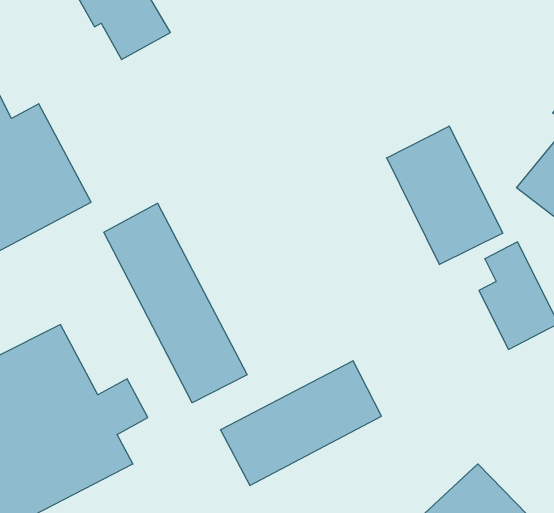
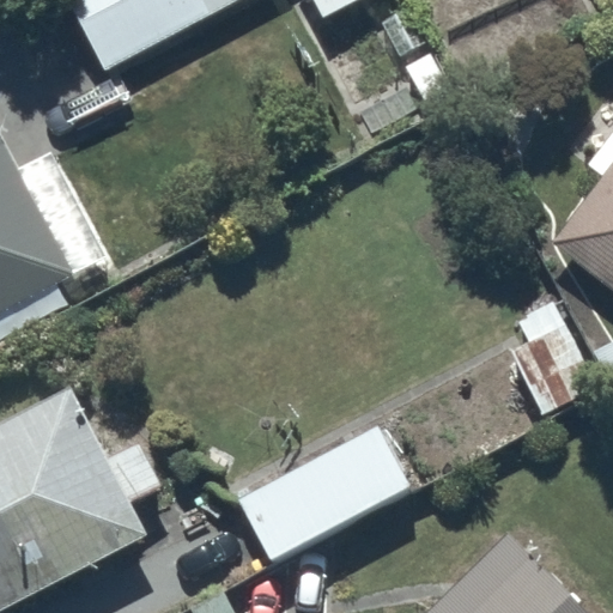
building: [387,126,503,265] -> none
building: [104,203,247,403] -> none

